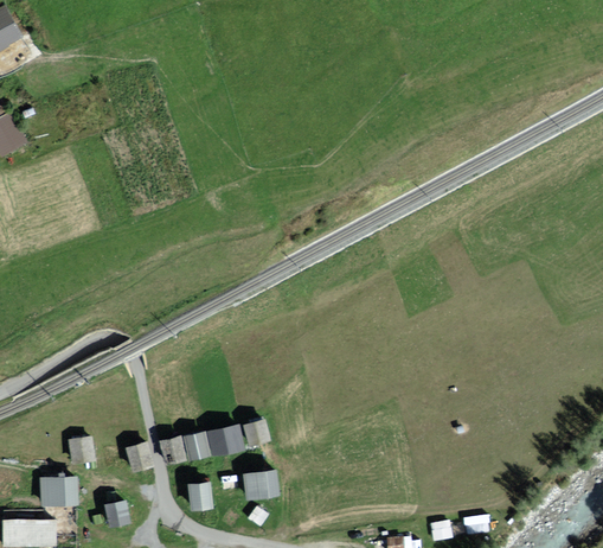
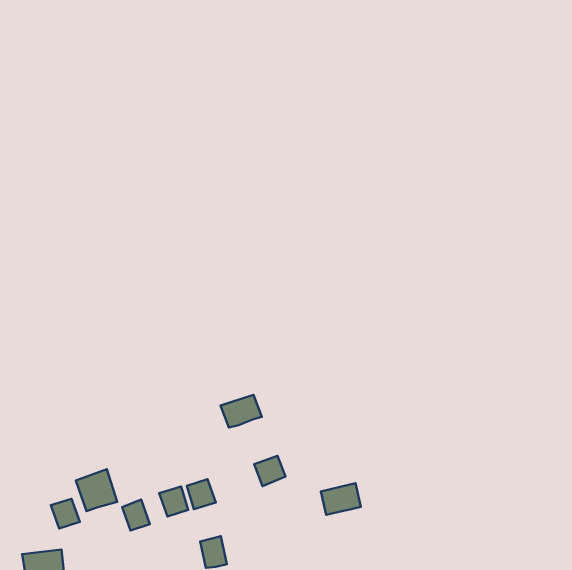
building: none -> [76,469,117,511]
building: [209,426,242,451] -> [221,395,262,428]
building: [244,471,276,495] -> [321,483,361,515]

